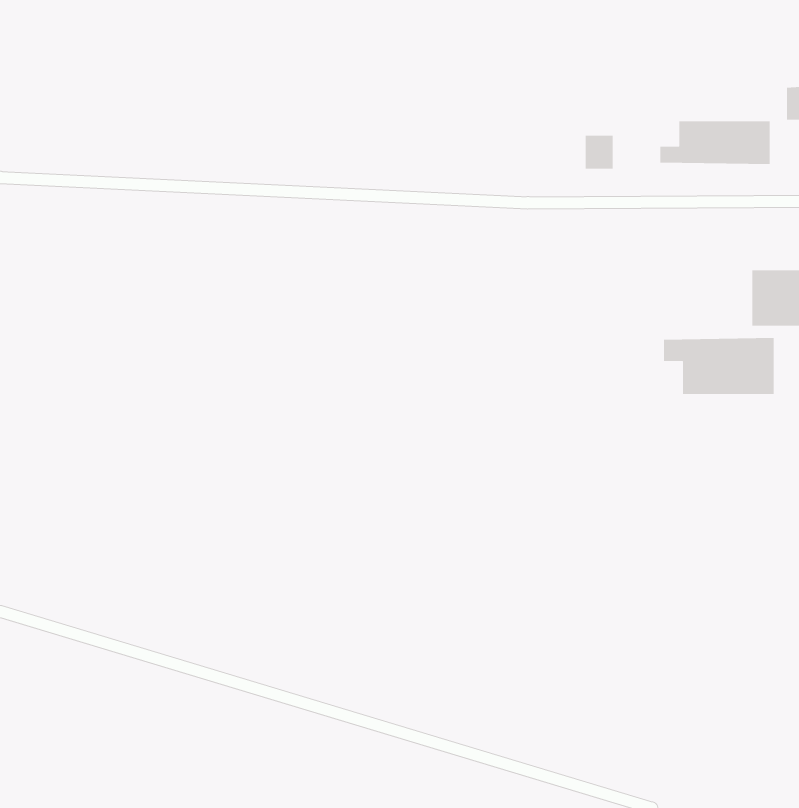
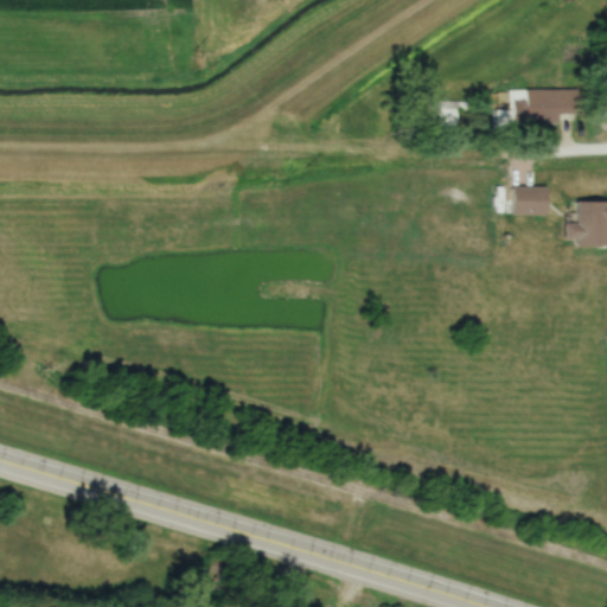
building: none -> [518,189,550,215]
building: [663,337,774,395] -> none

